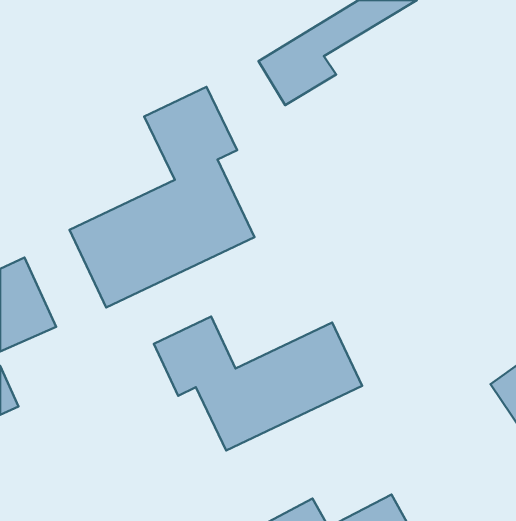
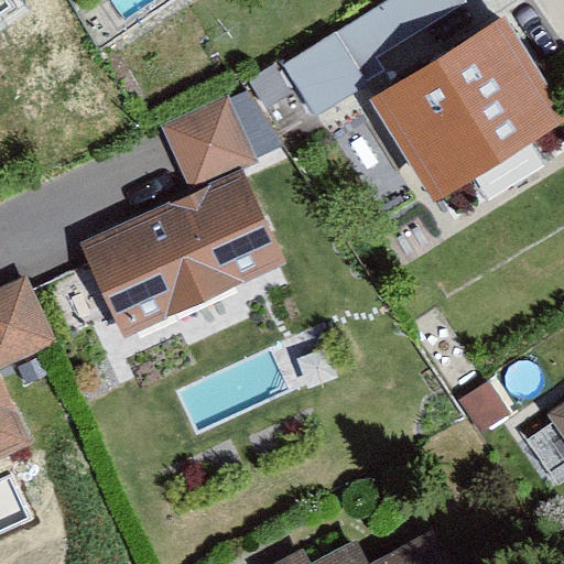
building: none -> [361,14,558,202]
building: [154,317,362,450] -> none

